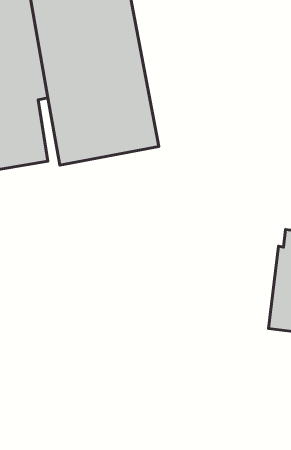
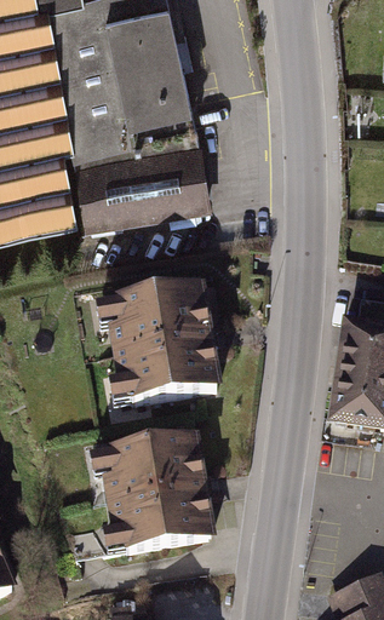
building: none -> [103,288,216,401]
building: none -> [101,441,208,550]

